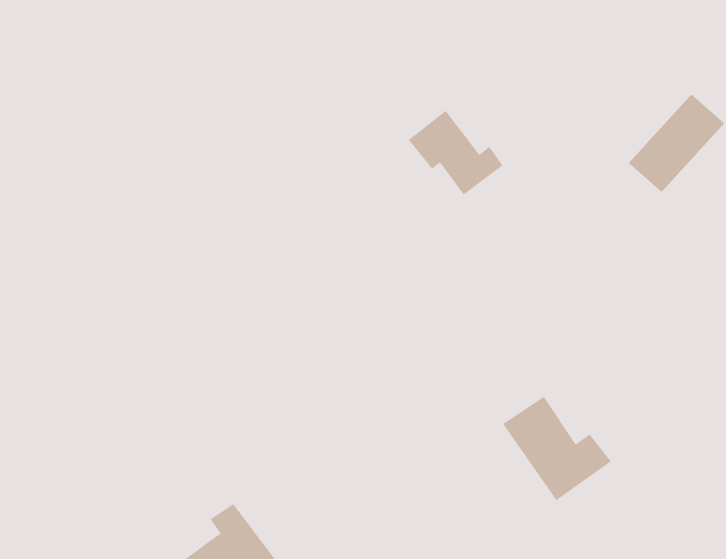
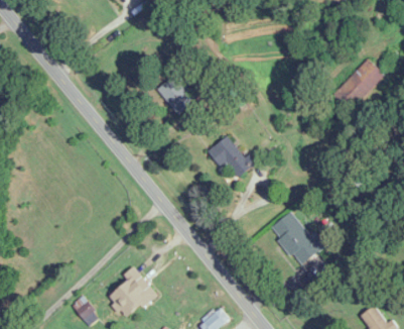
building: [408,110,503,195] -> [208,135,256,179]
building: none -> [156,74,195,114]

